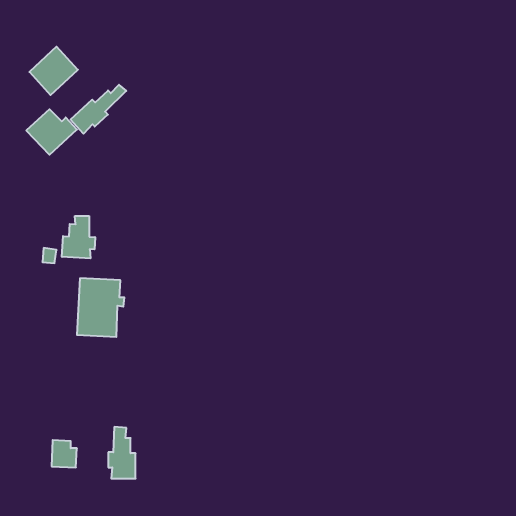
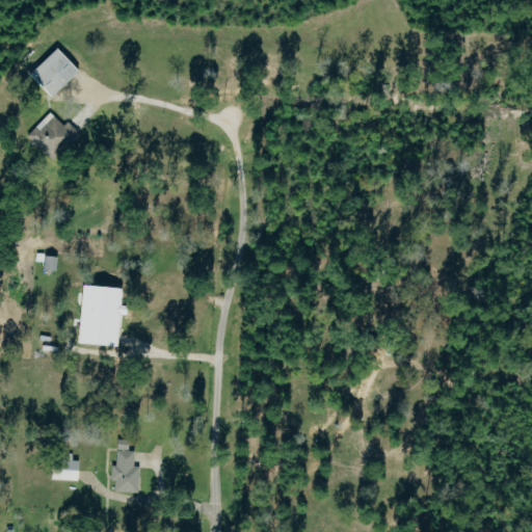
building: [71,85,126,134] -> none
building: [62,216,95,258] -> none

